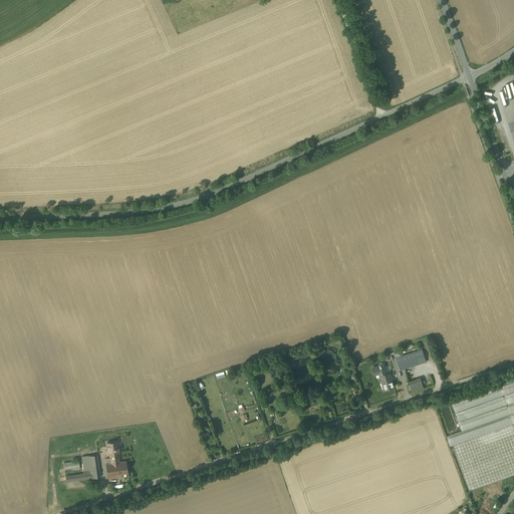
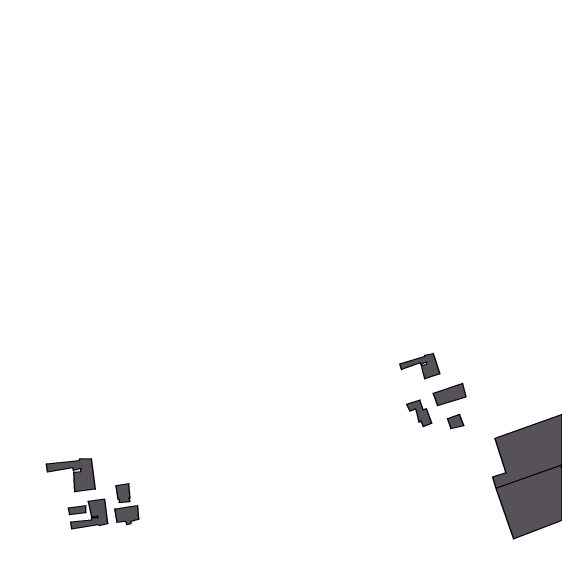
building: none -> [400,353,440,379]
building: none -> [47,459,95,492]

